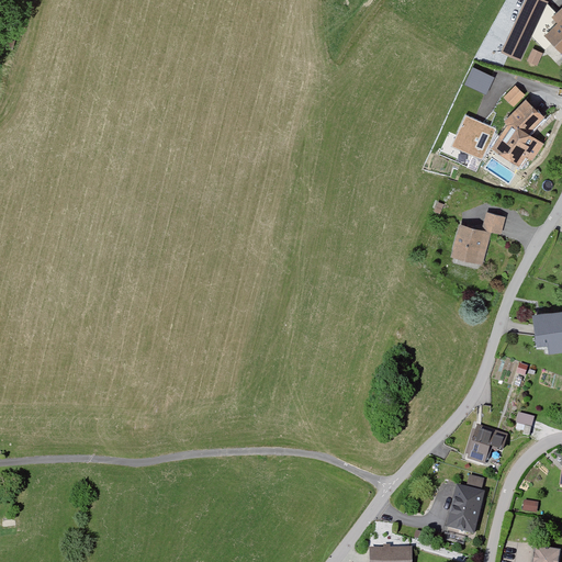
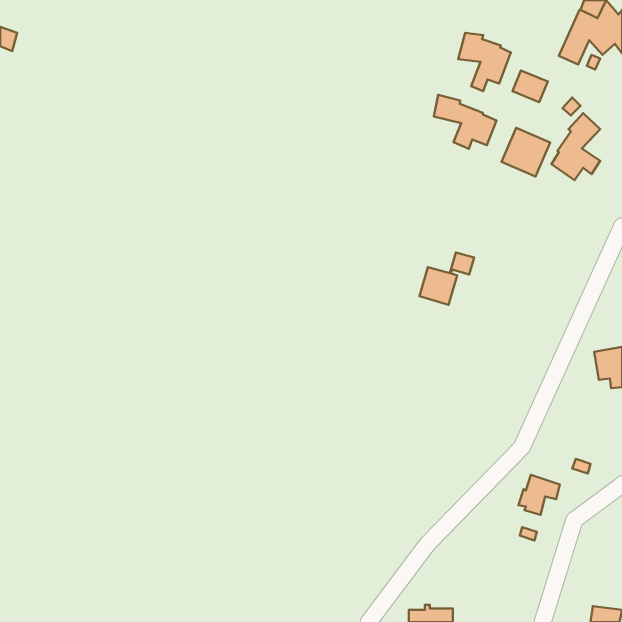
building: none -> [458,33,511,91]
building: none -> [434,95,496,149]
building: [454,213,504,260] -> [419,252,474,305]
building: [449,486,483,532] -> none

